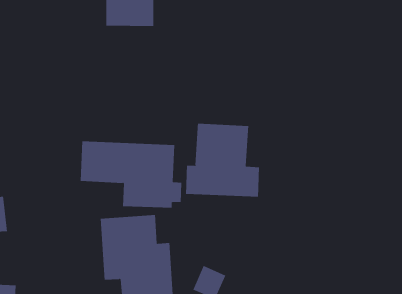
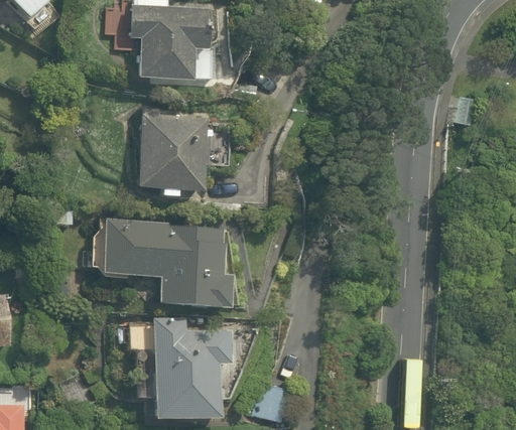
building: none -> [139,124,205,197]
building: [185,123,260,198] -> none

